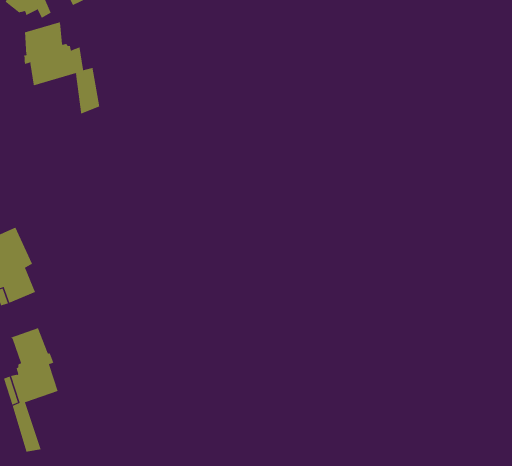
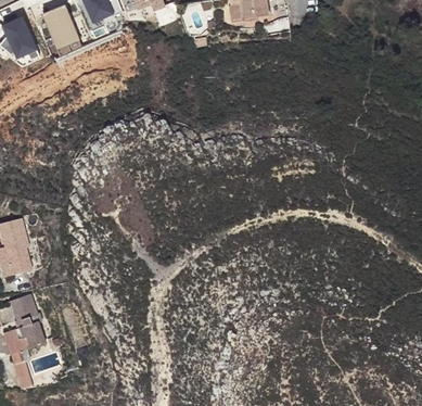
building: [24,21,100,114] -> none

